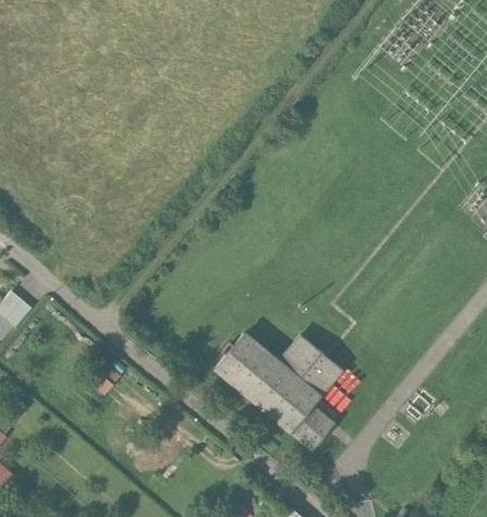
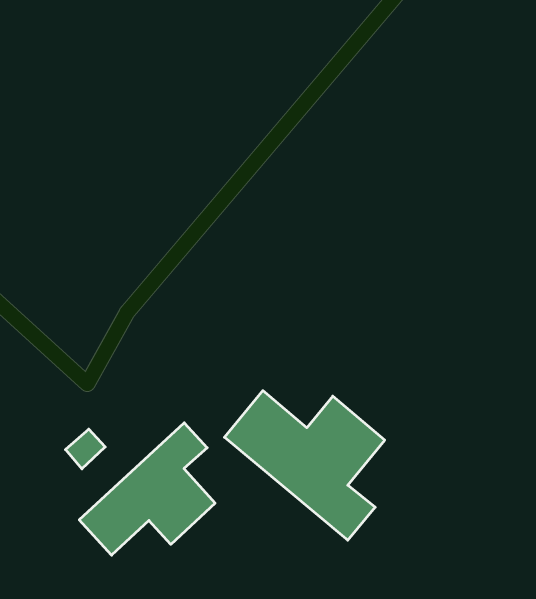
building: none -> [79,423,215,555]

